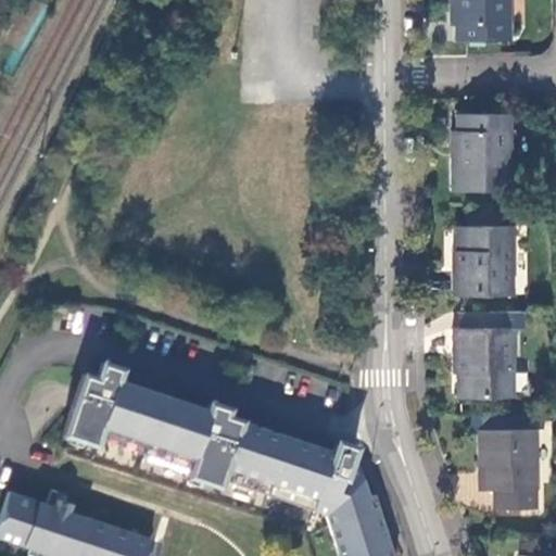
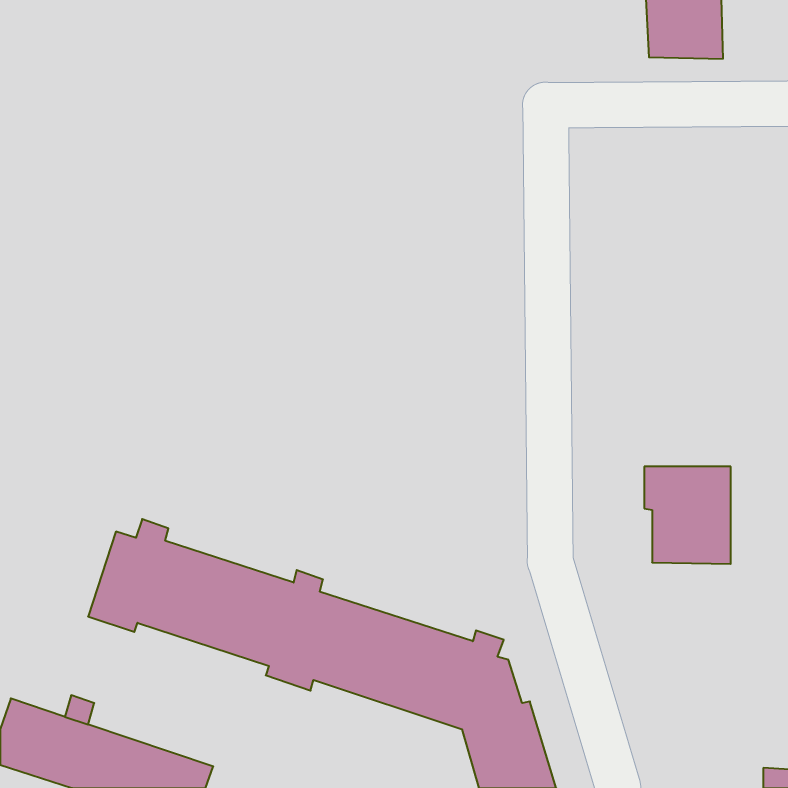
building: [453,122,513,191] -> none
building: [455,229,514,295] -> none
building: [481,429,539,509] -> none

